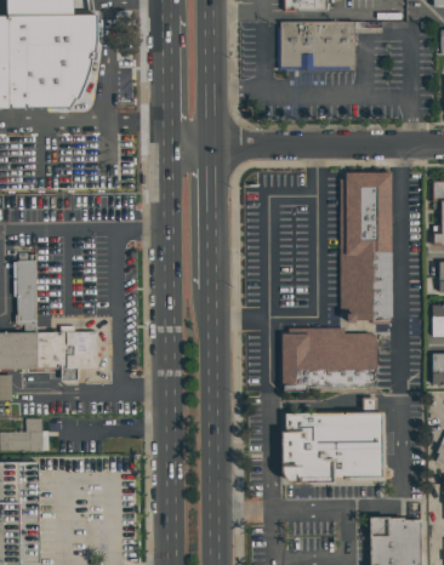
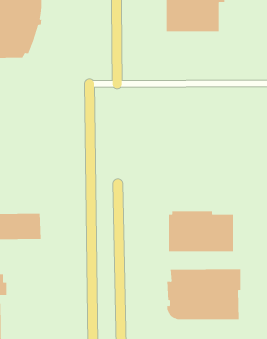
building: [338,171,392,321] -> none

